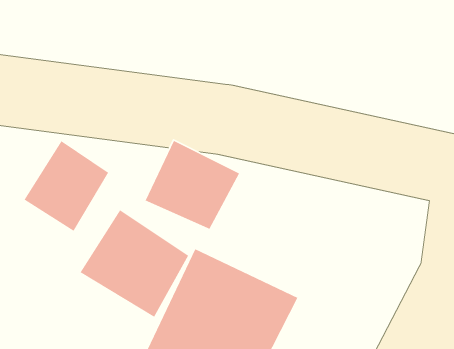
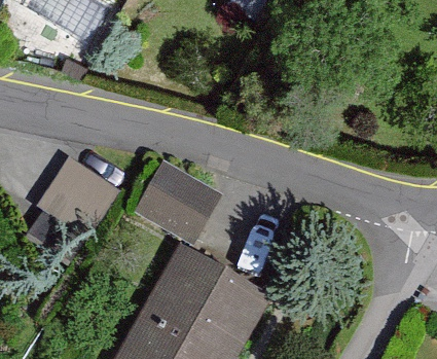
building: [79,209,189,318] -> none

